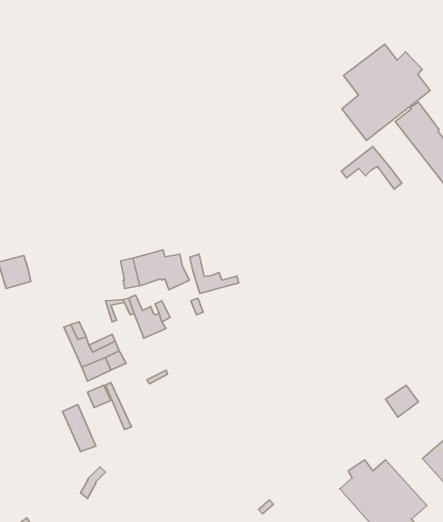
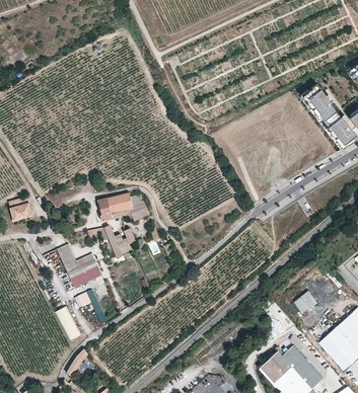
building: [342,44,430,141] -> none
building: [341,146,402,189] -> none
building: [190,254,239,293] -> none

